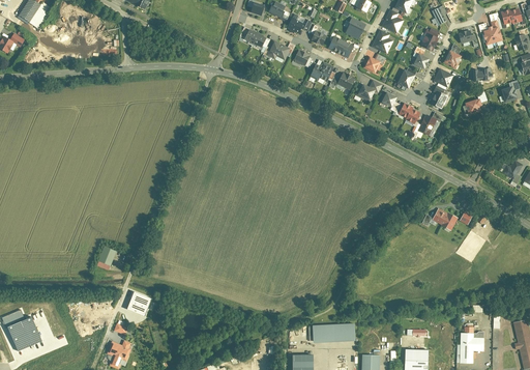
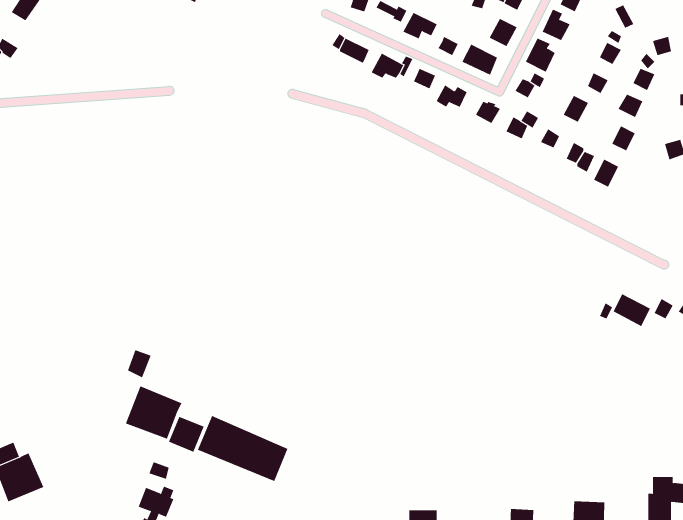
building: none -> [125,386,182,440]
building: none -> [197,415,288,482]
building: [313,321,355,341] -> none

